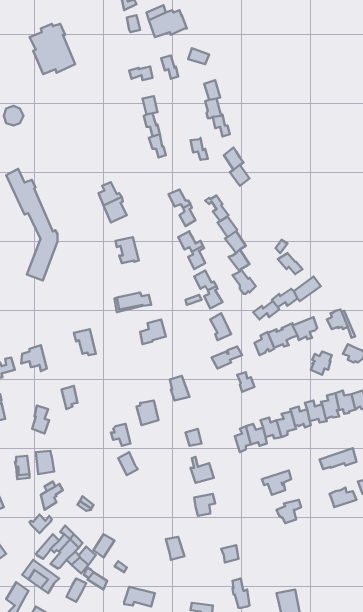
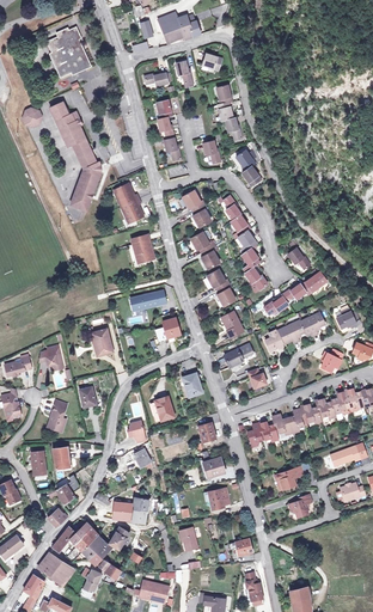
building: [6,169,58,281] -> [50,104,100,213]
building: none -> [114,496,148,521]

